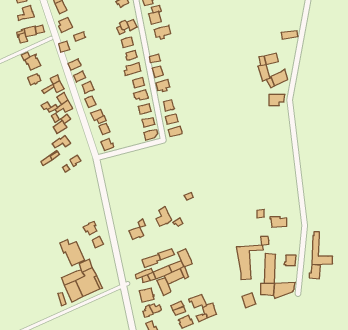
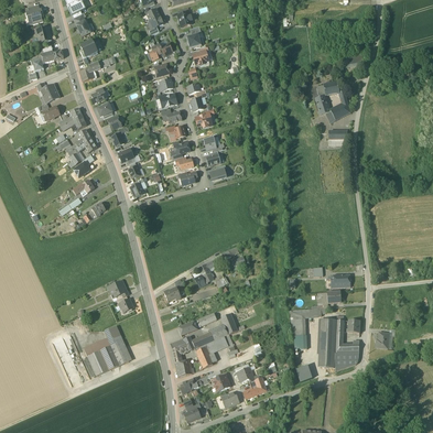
building: [312,232,333,265] -> [334,314,358,353]
building: [60,239,84,266] -> none

